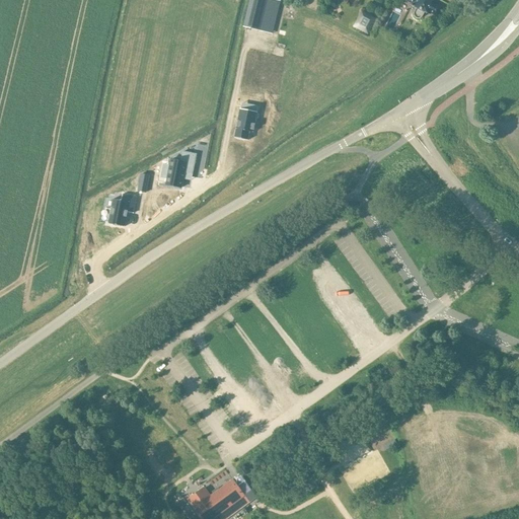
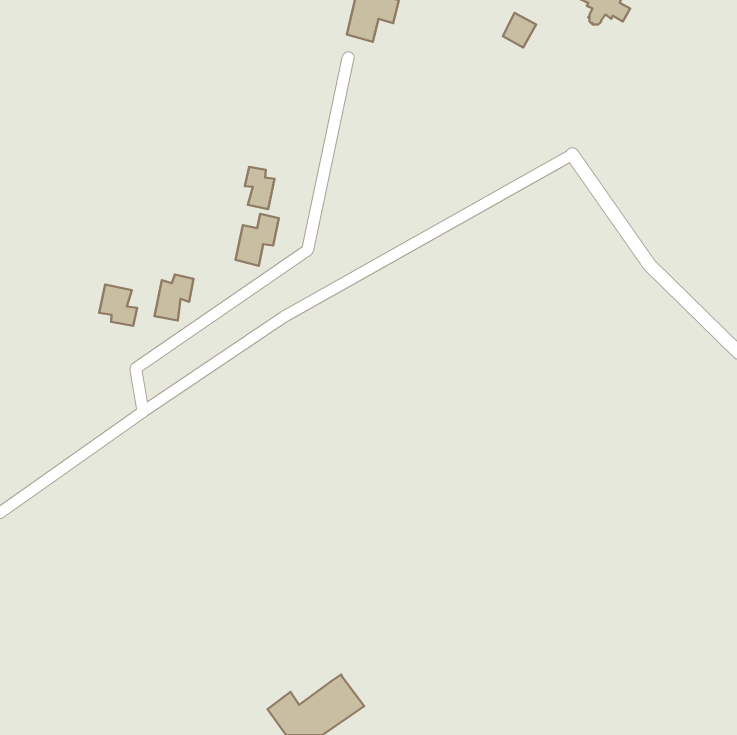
building: [235,107,257,139] -> none
building: none -> [245,167,275,209]
building: none -> [99,284,137,326]

